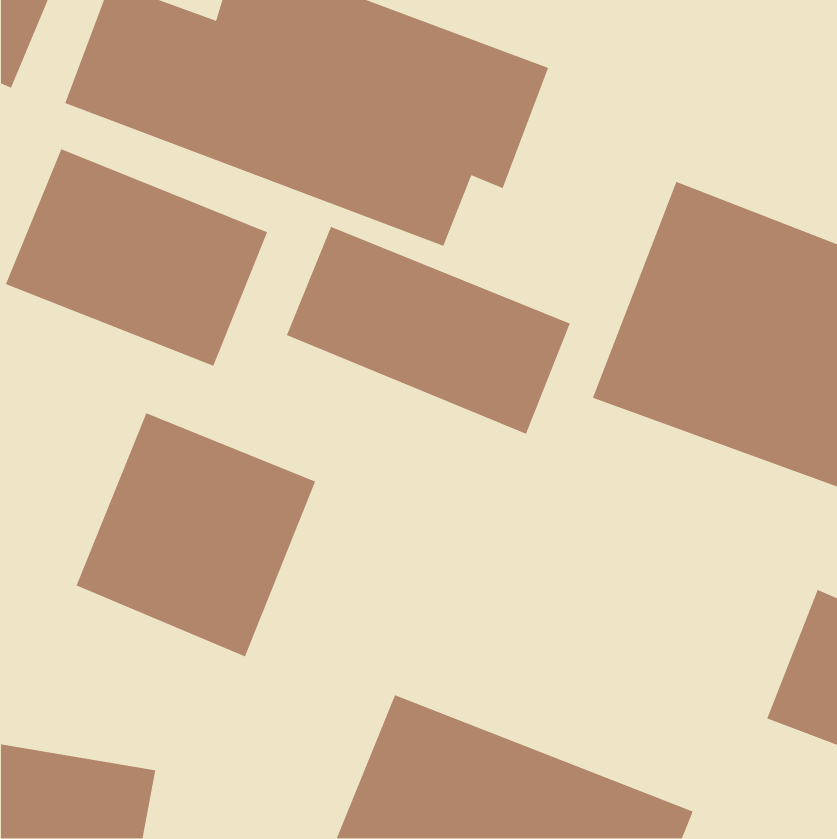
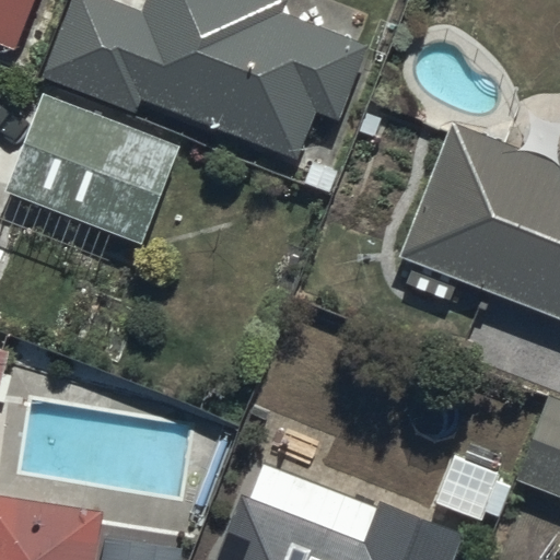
building: [286,226,571,435] -> none
building: [75,412,316,657] -> none

